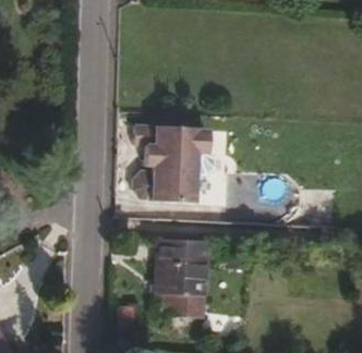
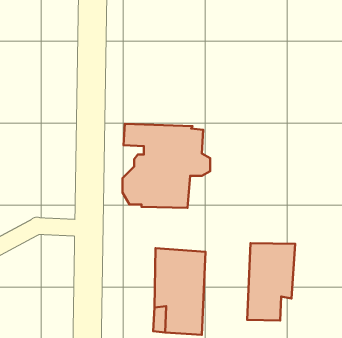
building: none -> [247,243,295,320]

